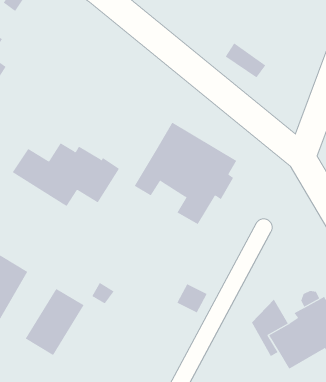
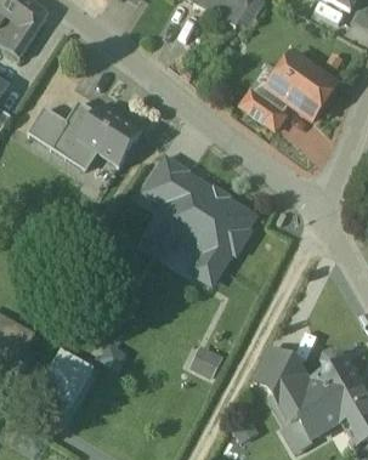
building: none -> [274,50,336,117]
building: none -> [145,154,188,201]
building: [12,142,120,207] -> [28,101,142,169]
building: none -> [250,346,293,385]

